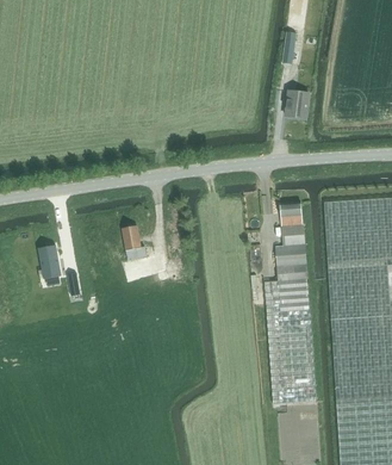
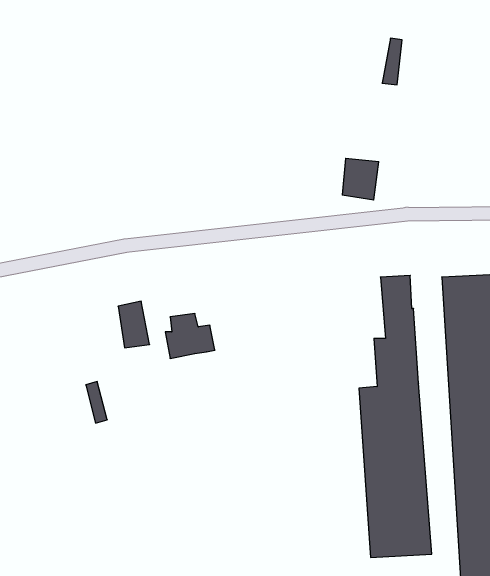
building: [286,91,312,120] -> [342,158,379,200]
building: [39,246,62,279] -> [118,301,150,348]

